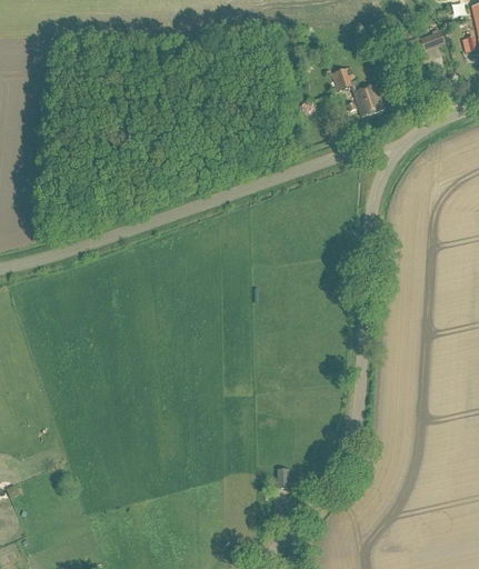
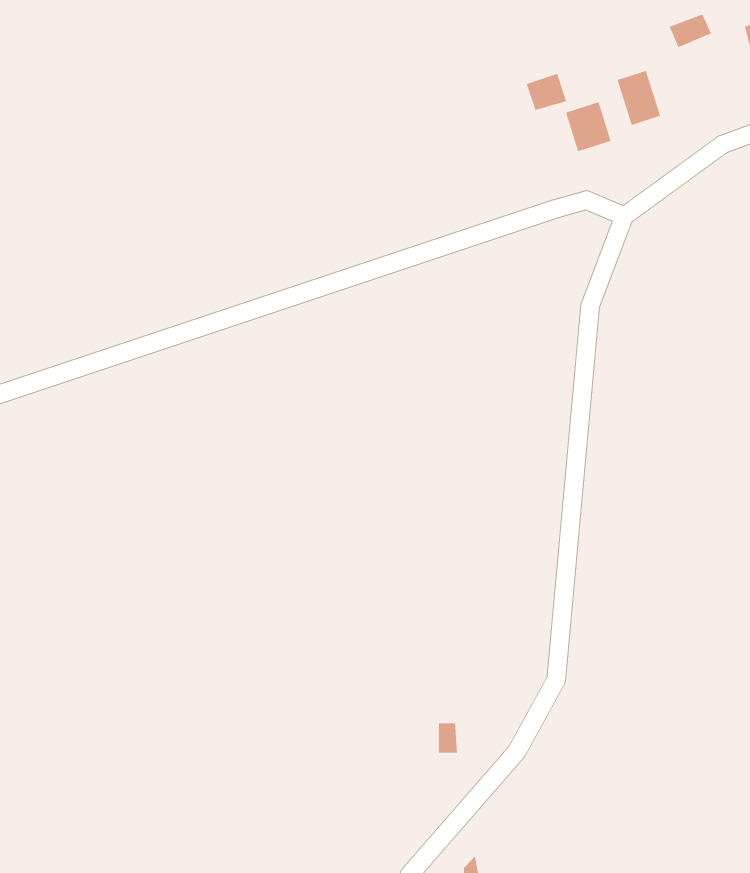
building: none -> [617,70,661,126]

